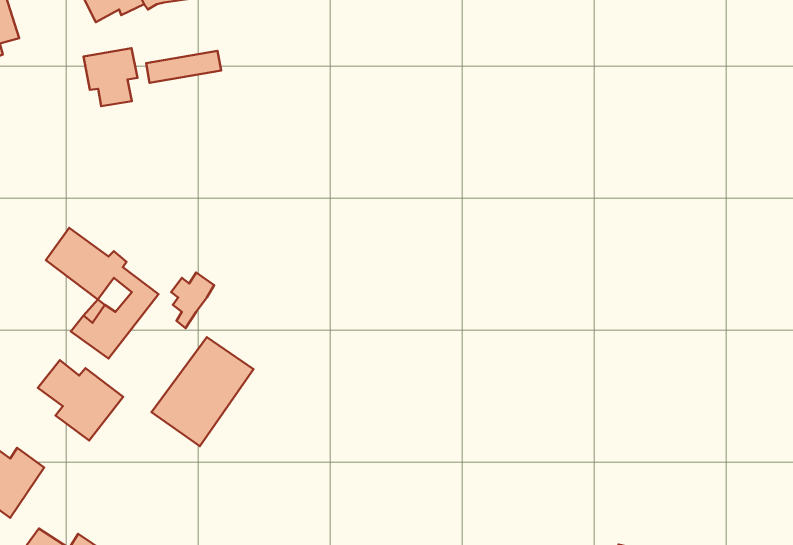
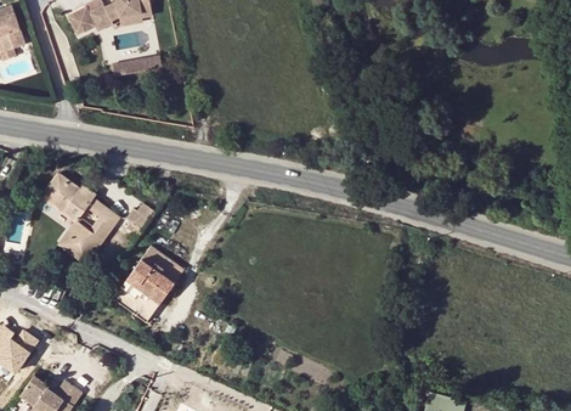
building: [83,48,138,106] -> none
building: [38,360,123,440] -> none

